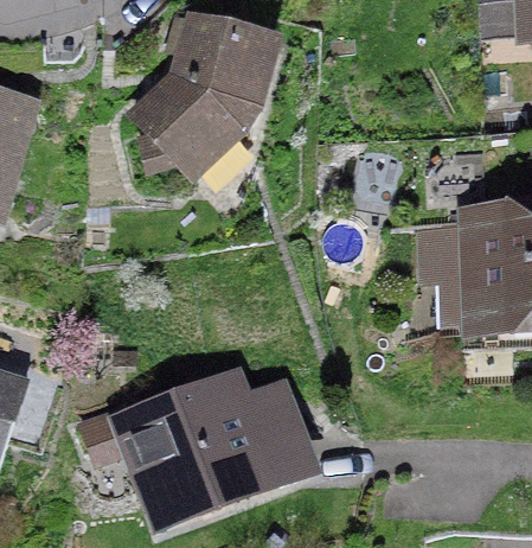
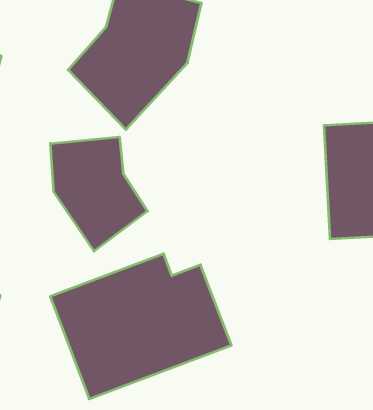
building: none -> [50,137,148,251]

